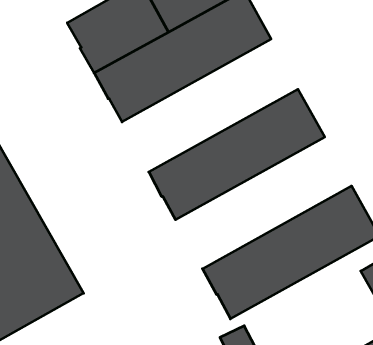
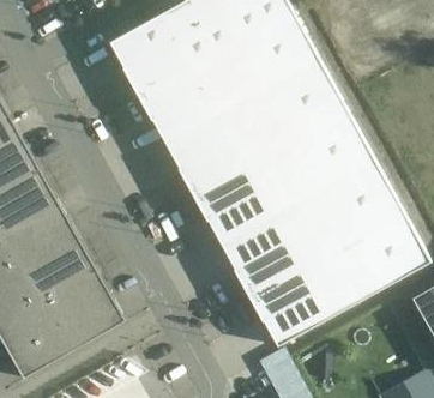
building: none -> [164,59,345,195]
building: none -> [219,159,400,295]

